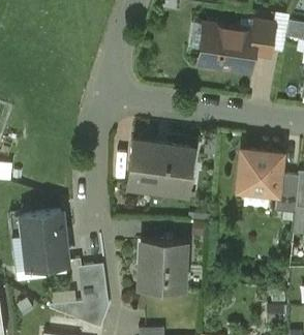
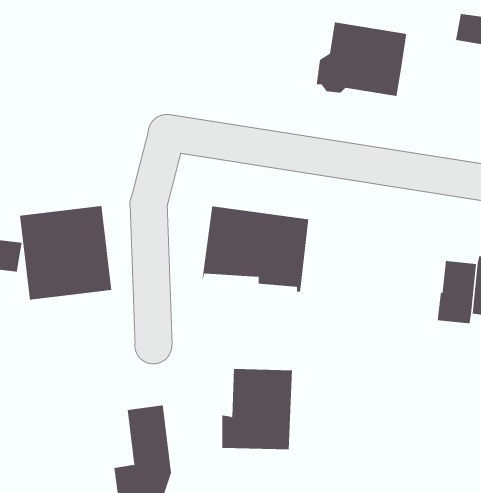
building: [251,23,273,57] -> none
building: [237,150,280,194] -> none
building: [8,212,66,271] -> [19,206,112,300]

